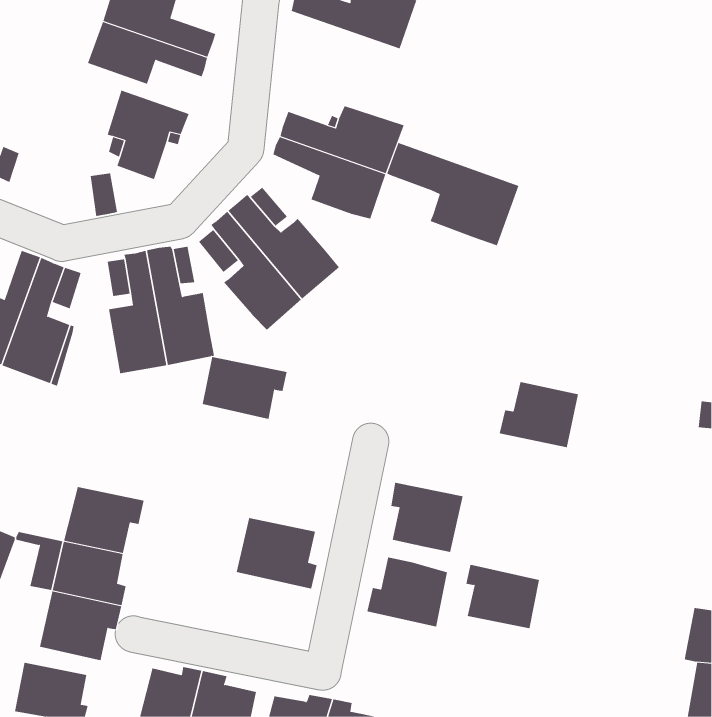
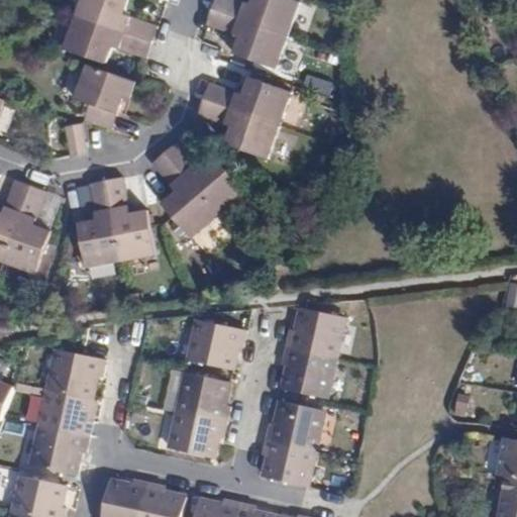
building: none -> [204,8,288,67]
building: [387,142,519,246] -> none
building: [202,356,287,420] -> [183,321,244,367]
building: [499,382,579,448] -> [284,309,341,356]
building: [466,564,540,629] -> [261,439,314,486]
building: none -> [163,411,224,458]

